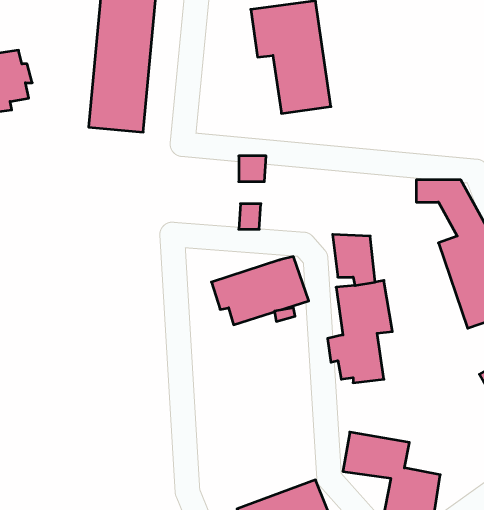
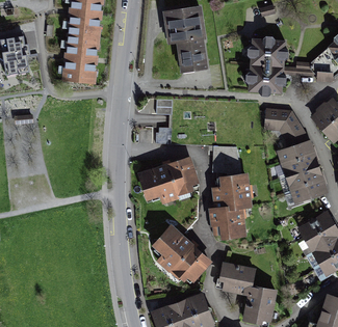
building: none -> [248,37,285,90]
building: none -> [153,224,206,283]

